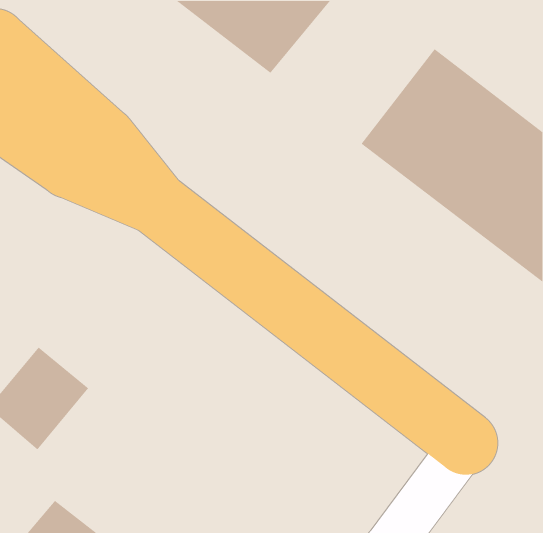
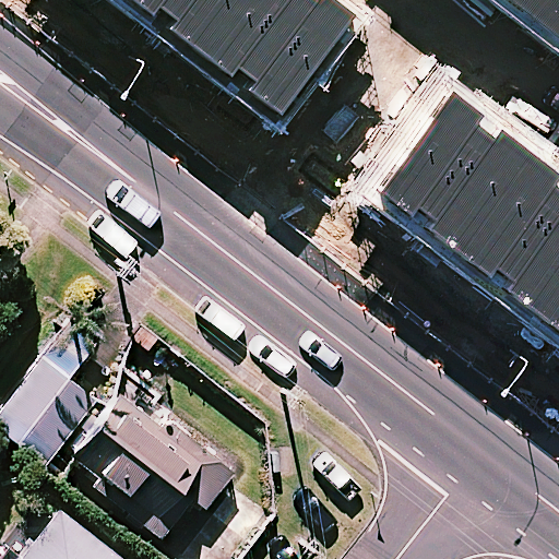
building: none -> [70,405,230,547]

